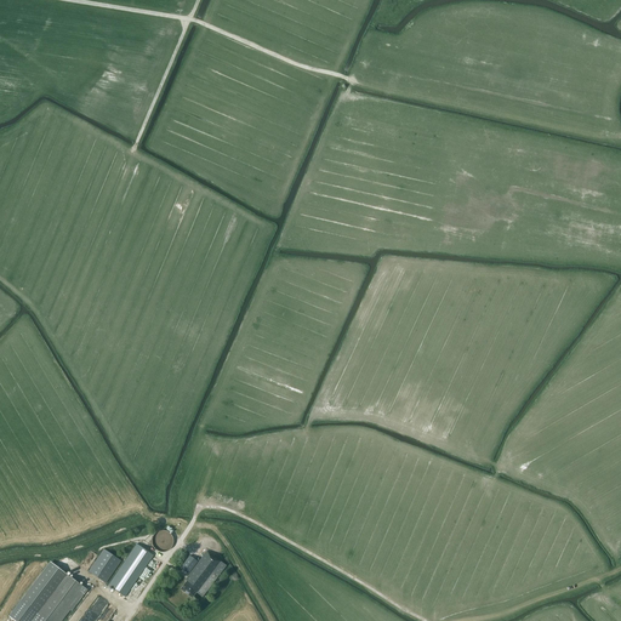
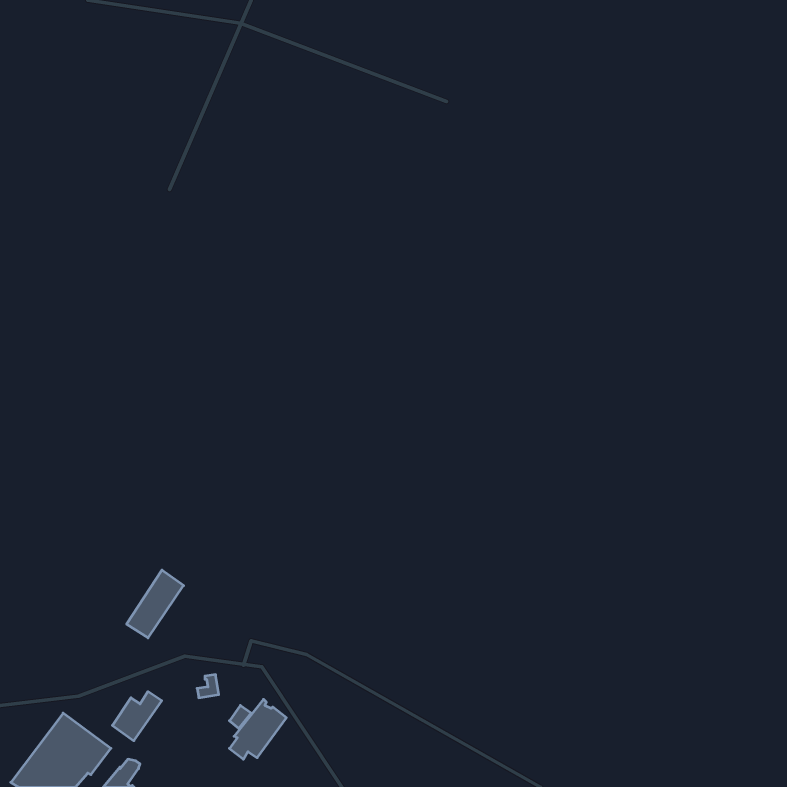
building: [108,543,153,597] -> [127,570,184,638]

